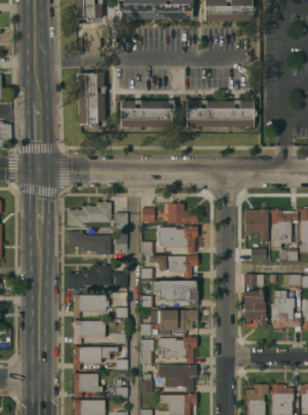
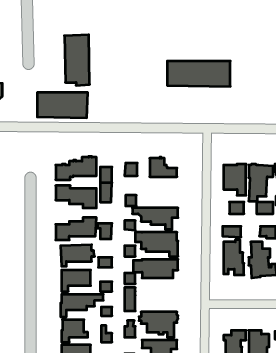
building: [120,100,174,127] -> [37,93,88,118]
building: [157,226,197,252] -> none
building: [157,336,197,363] -> none

